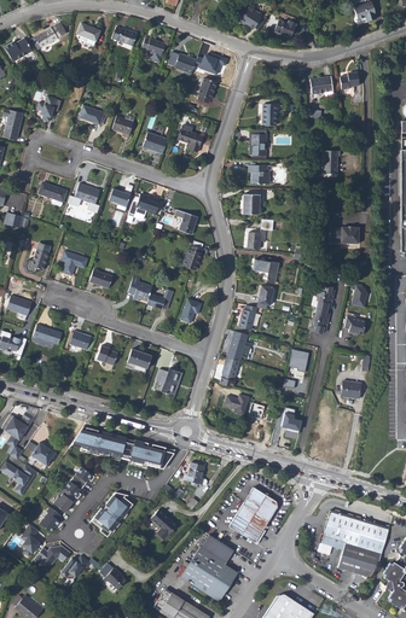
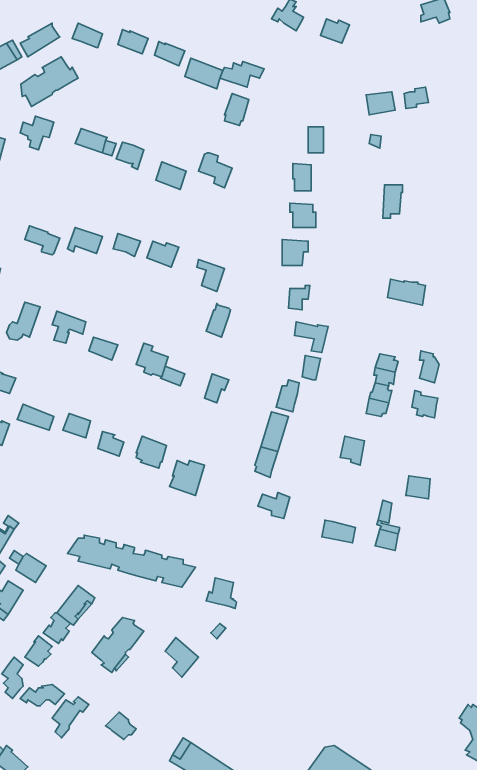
building: none -> [21,57,78,106]
building: [228,486,278,542] -> none
building: [321,512,389,576] -> none
building: [178,534,238,601] -> none

